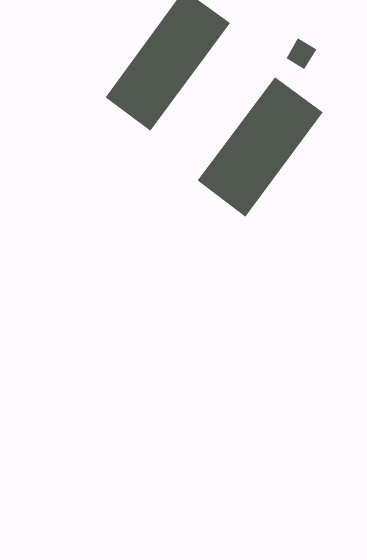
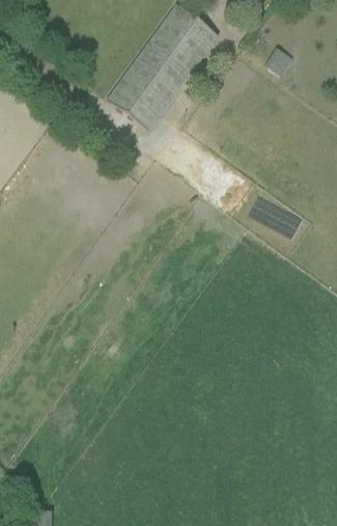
building: [196,76,324,218] -> none

